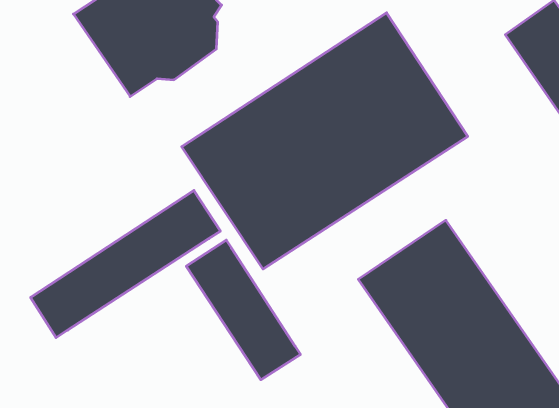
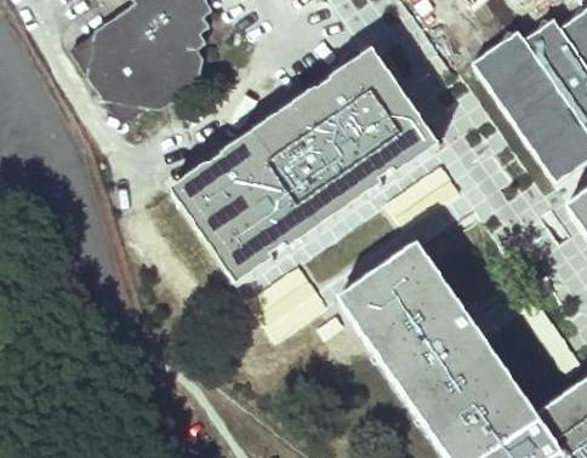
building: [31,190,220,338] -> none
building: [186,240,300,380] -> none

